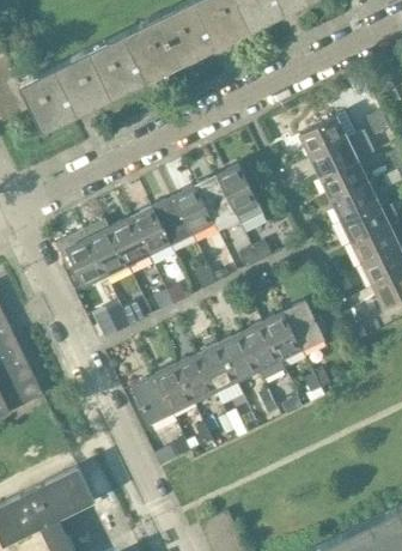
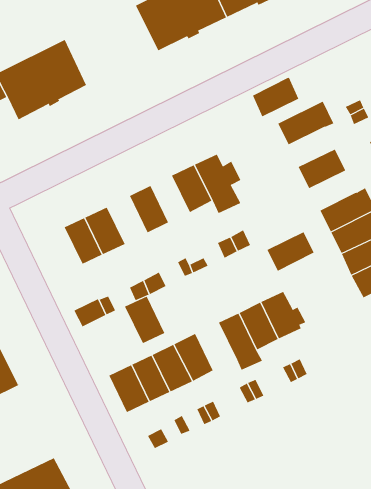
building: [89,19,181,98] -> none
building: [310,140,357,180] -> [252,77,299,117]
building: [330,183,378,223] -> [267,232,315,271]
building: [173,188,212,235] -> none
building: [130,208,170,256] -> none
building: [55,231,105,287] -> none
building: [218,334,258,382] -> [124,296,165,344]

